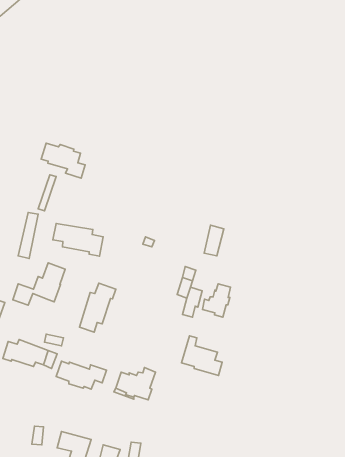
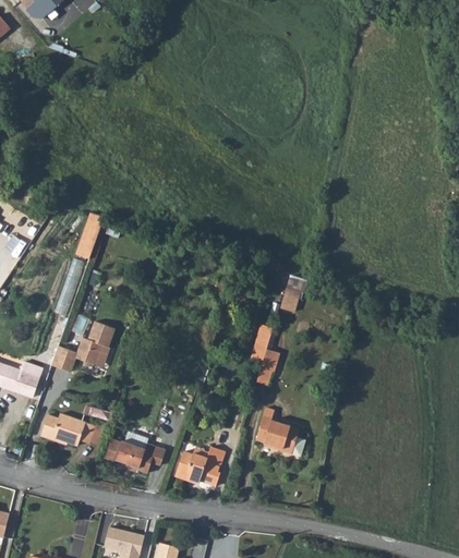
building: [41,143,85,178] -> none
building: [53,224,103,256] -> none
building: [80,283,116,332] -> none
building: [202,284,230,317] -> none

